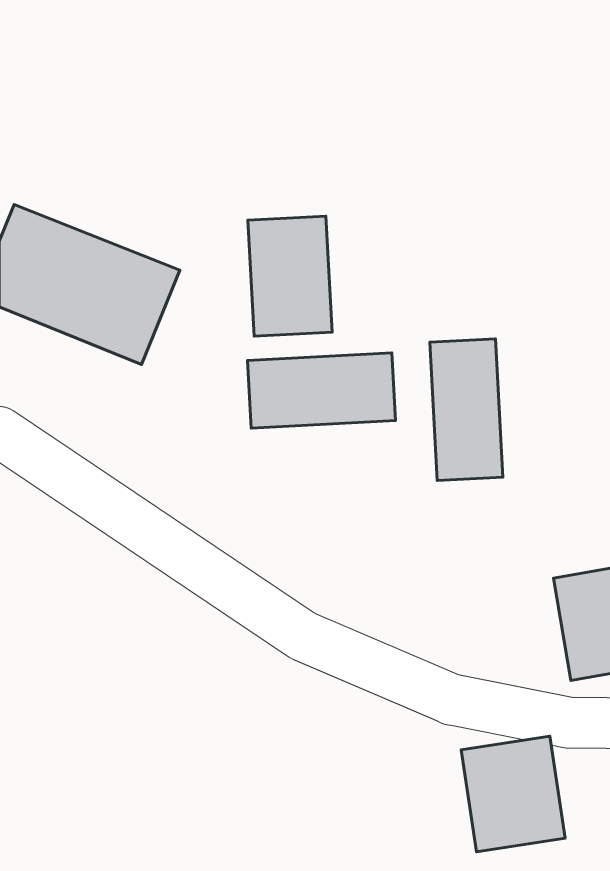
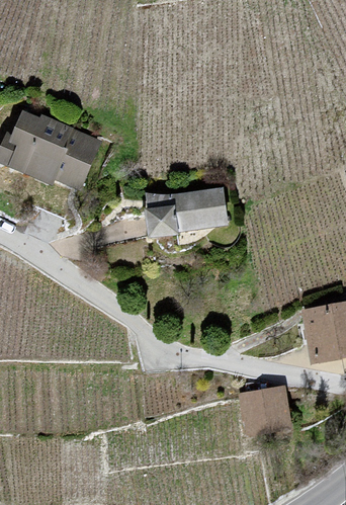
building: [248,216,332,336] -> none
building: [430,339,503,480] -> none

